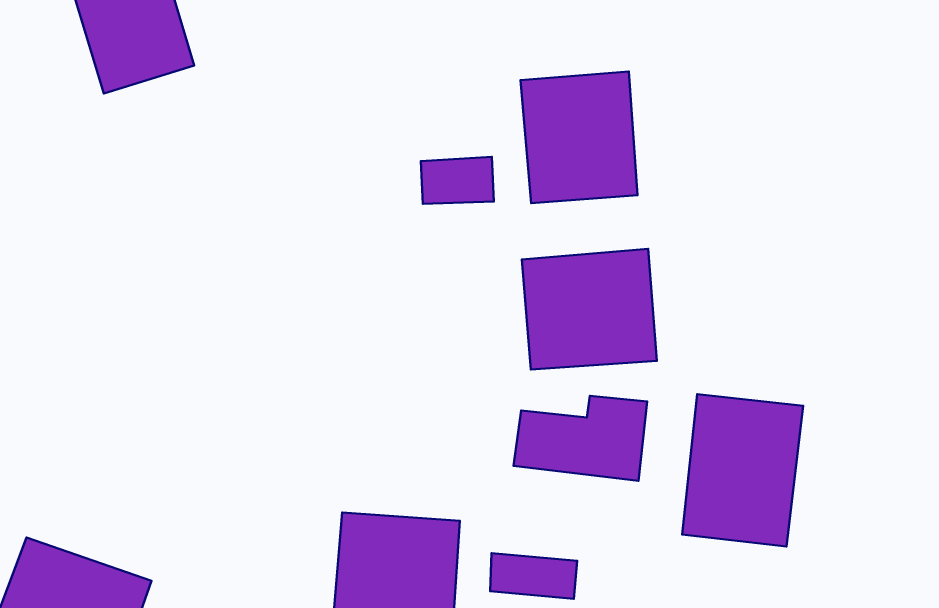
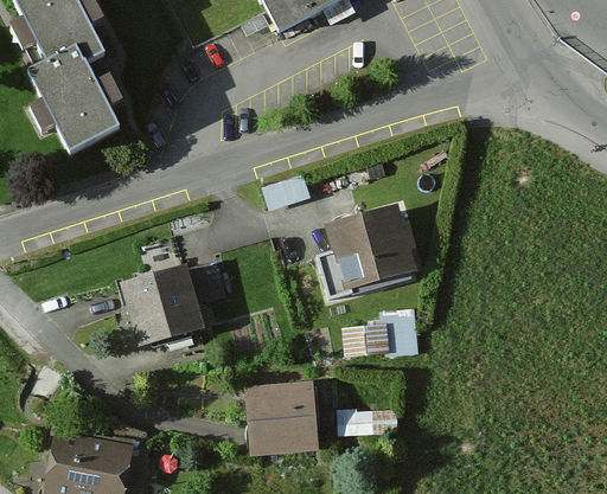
building: [521,72,638,203] -> none
building: none -> [119,268,219,348]
building: [682,394,803,547] -> none

